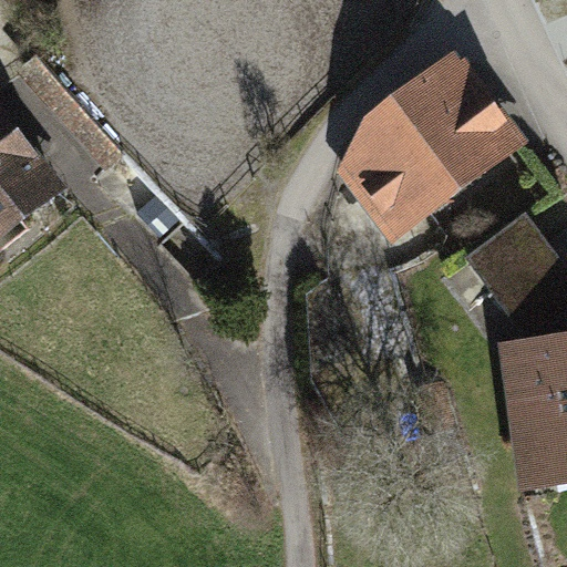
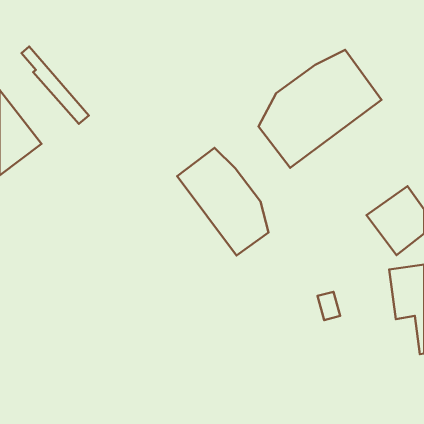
building: none -> [177,148,268,256]

